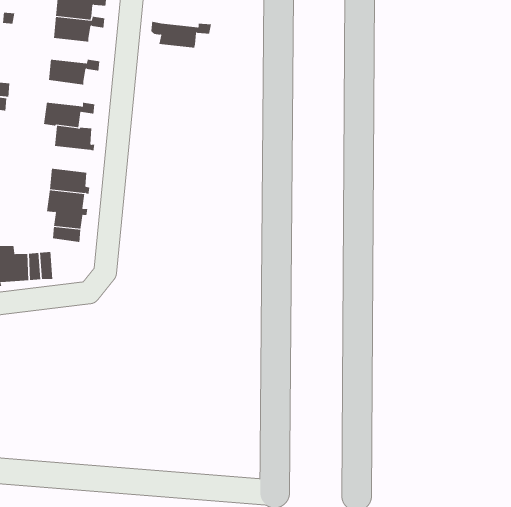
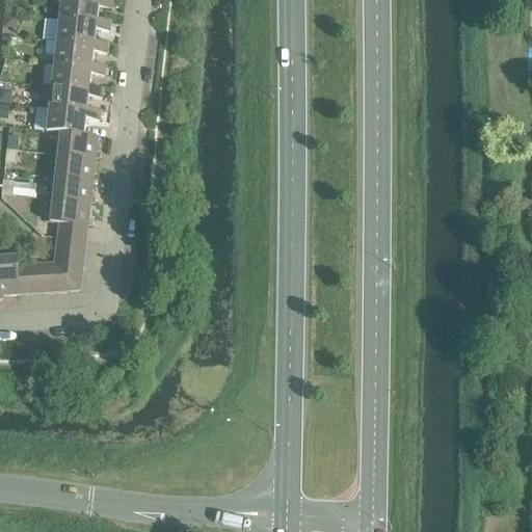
building: [151,21,212,48] -> [44,37,107,65]
building: none -> [48,83,102,110]
building: none -> [53,152,97,179]
building: none -> [53,261,81,290]

